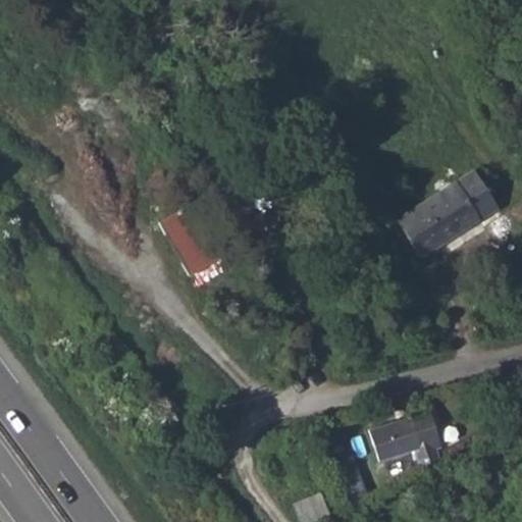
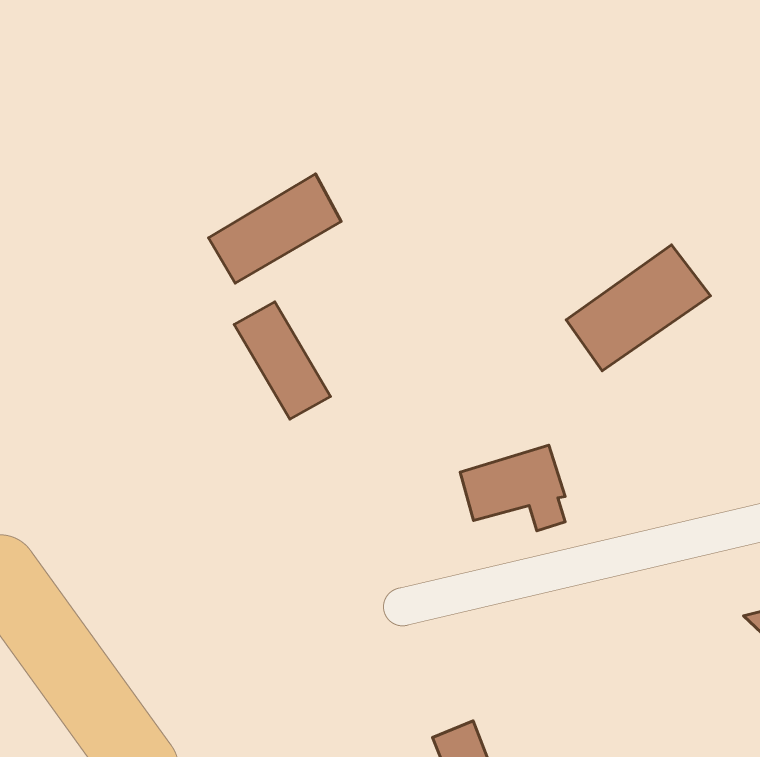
building: none -> [209,174,341,283]
building: [375,417,447,475] -> [460,445,565,531]

